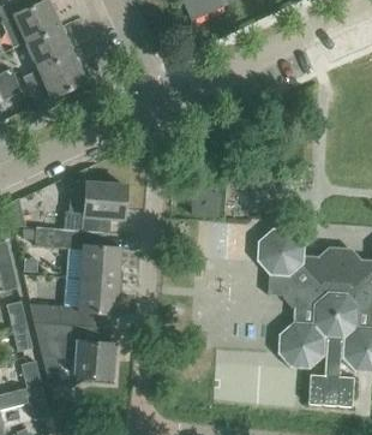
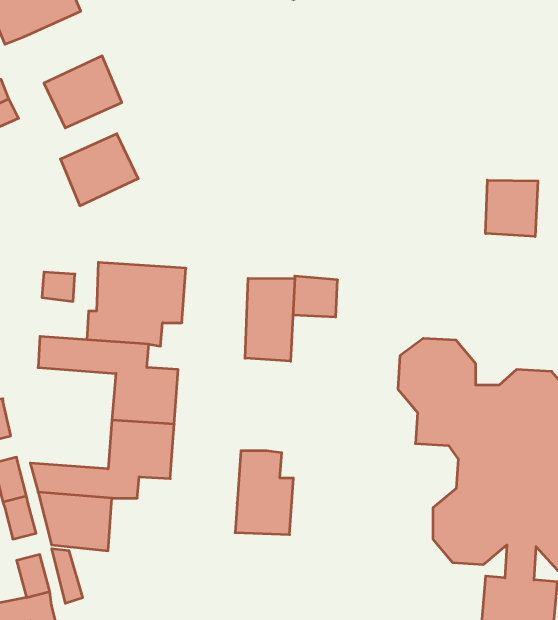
building: [24,26,72,71] -> [60,134,138,206]
building: none -> [486,180,538,237]
building: none -> [245,278,295,361]
building: [74,327,110,379] -> [235,451,293,535]

